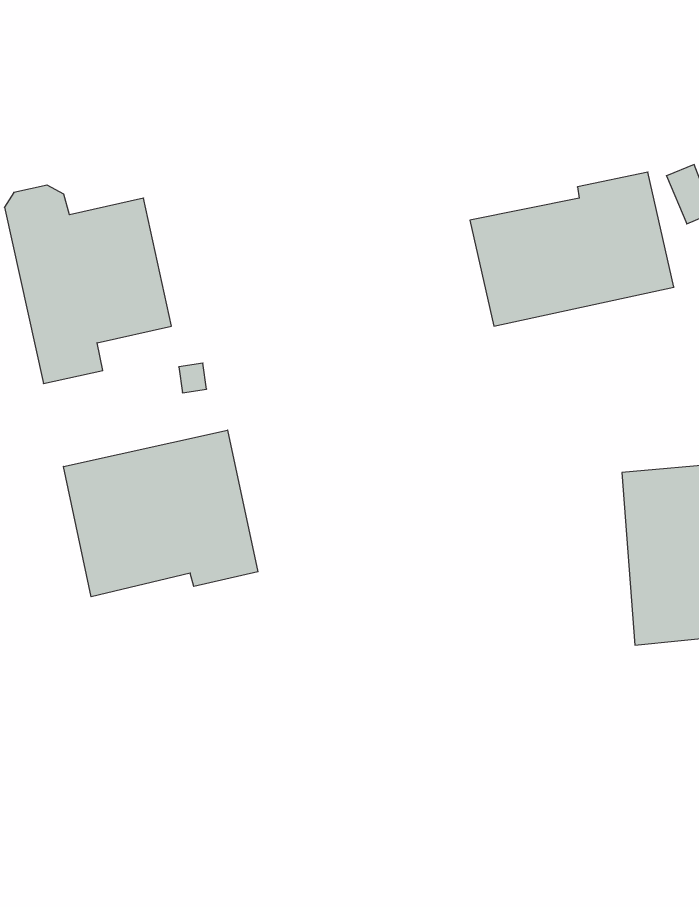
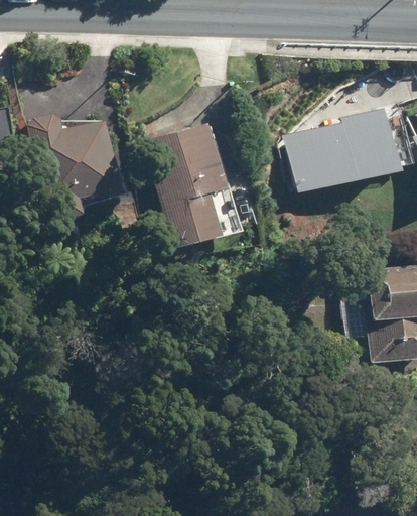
building: none -> [148,122,230,249]
building: [63,430,258,597] -> none

